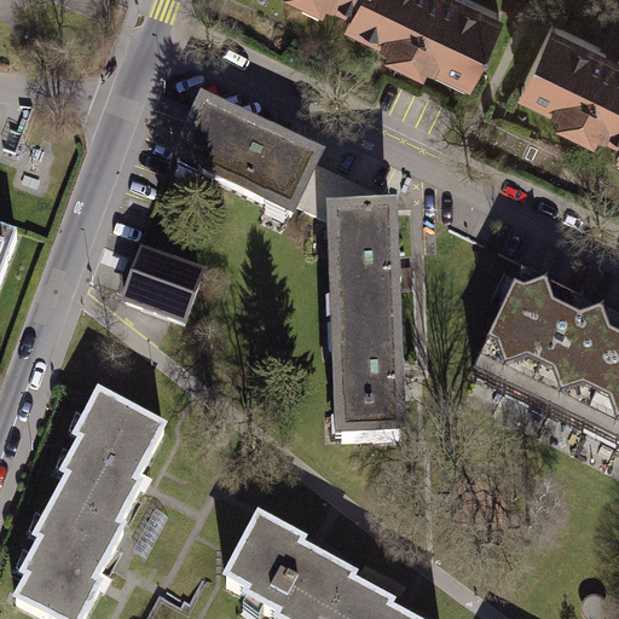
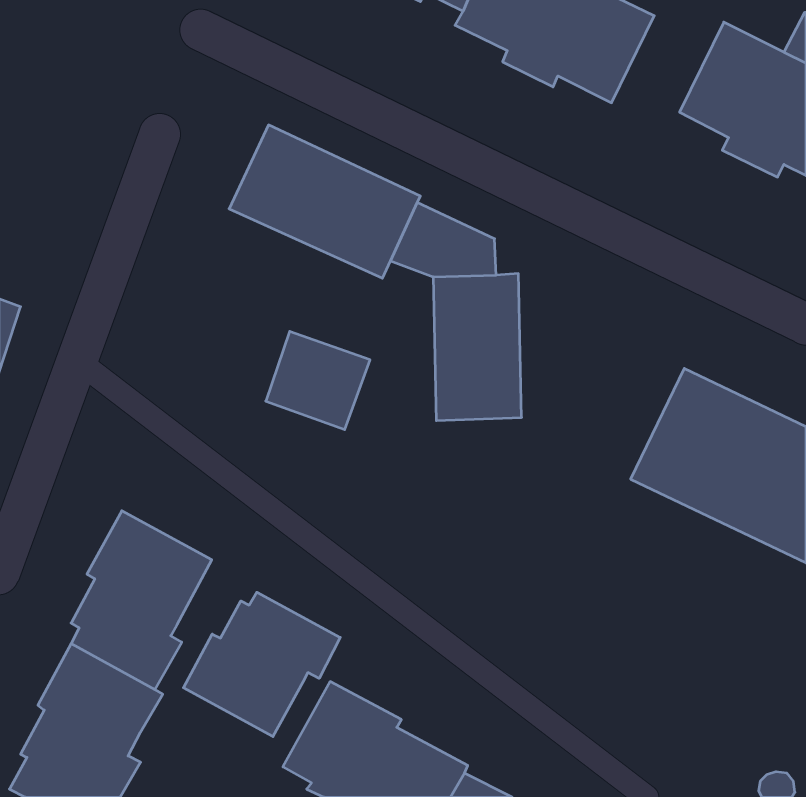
building: [121,253,201,328] -> [266,331,370,430]
building: [334,319,404,429] -> none
building: none -> [183,592,340,737]

